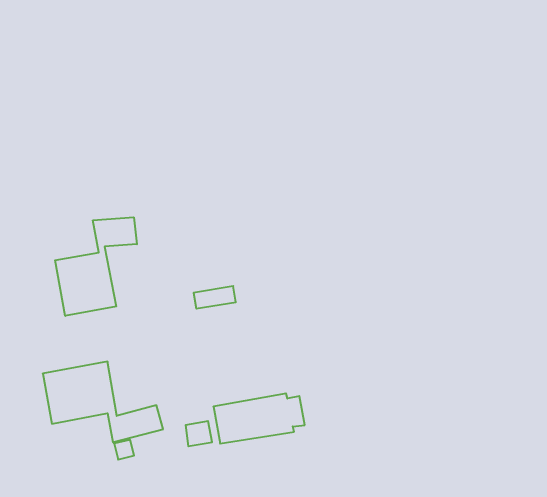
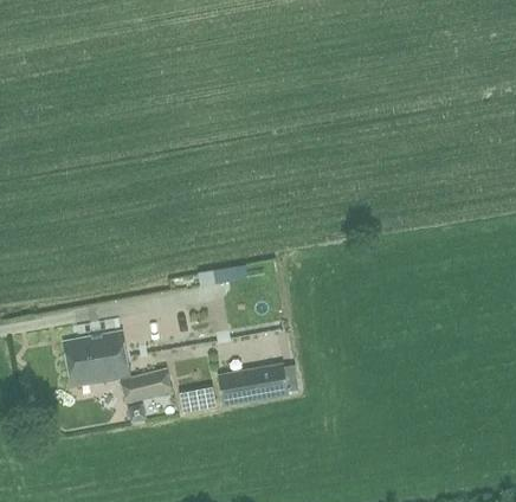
building: [55,217,137,316] -> none

